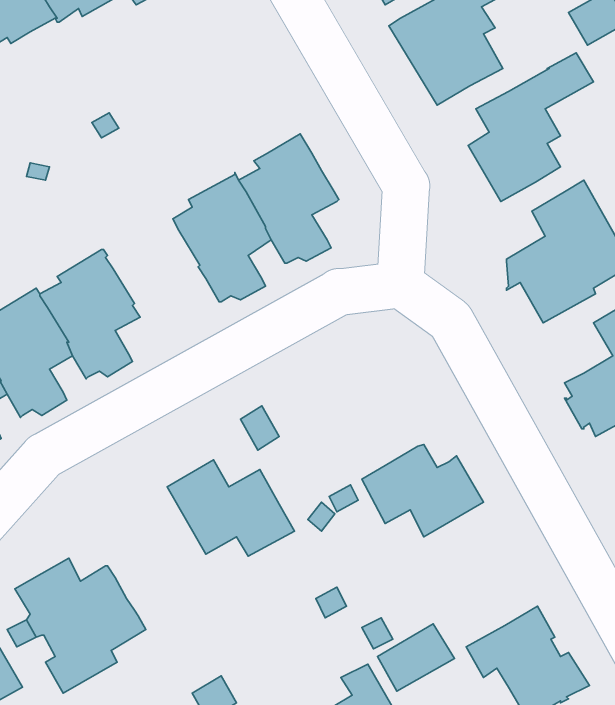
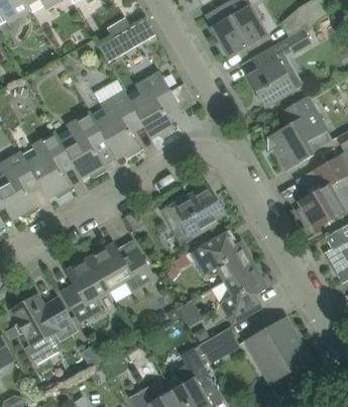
building: none -> [99,18,155,61]
building: none -> [57,111,110,179]
building: none -> [165,183,226,244]
building: none -> [62,256,110,322]
building: none -> [212,264,268,324]

